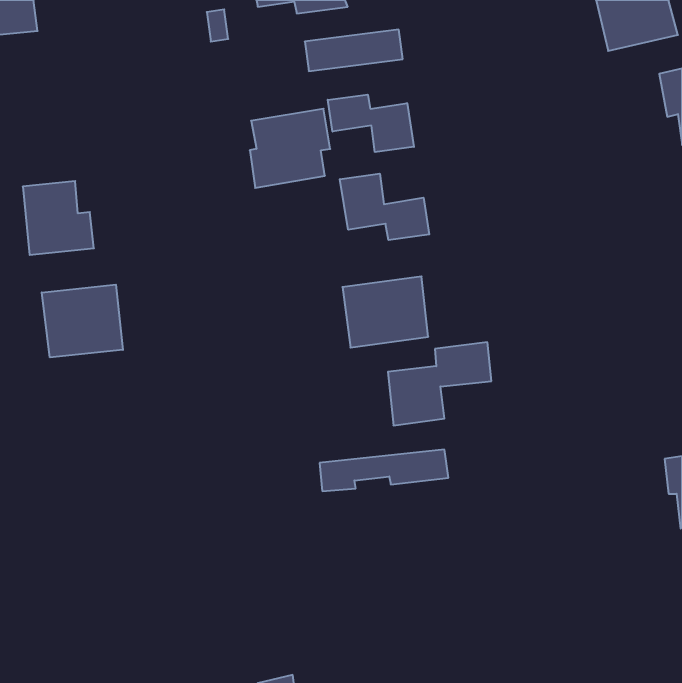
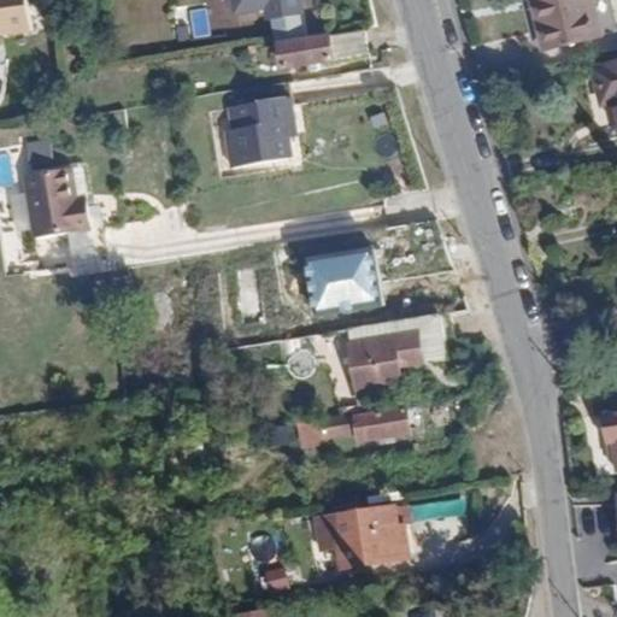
building: [328,95,414,152] -> none
building: [340,174,429,240] -> none
building: [42,285,123,357] -> none
building: none -> [323,504,405,560]

